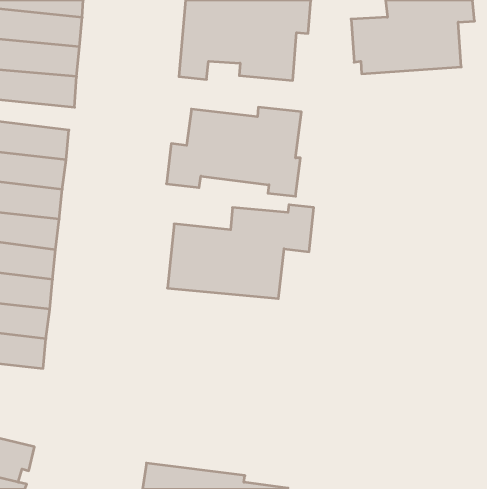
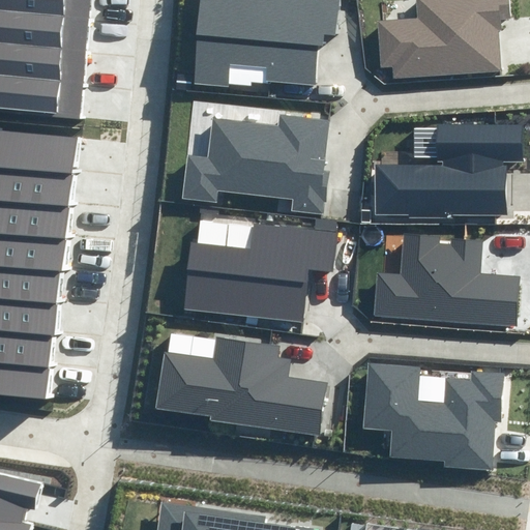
building: none -> [376,124,521,215]
building: none -> [373,234,518,323]
building: none -> [151,334,322,436]
building: none -> [363,363,502,466]

